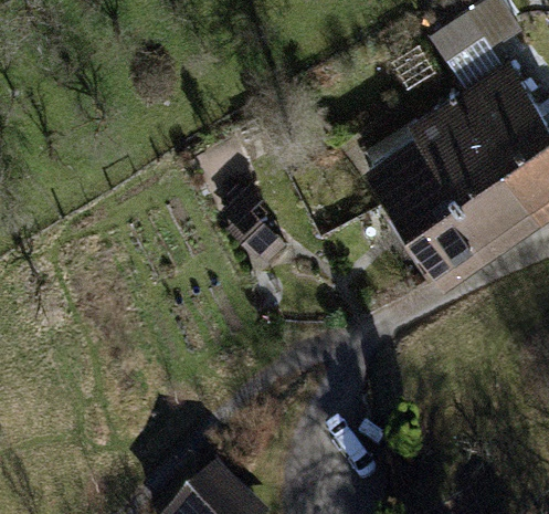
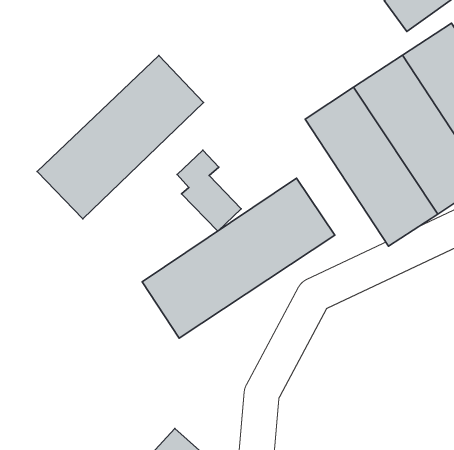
building: none -> [37,56,203,219]
building: none -> [142,178,335,338]

